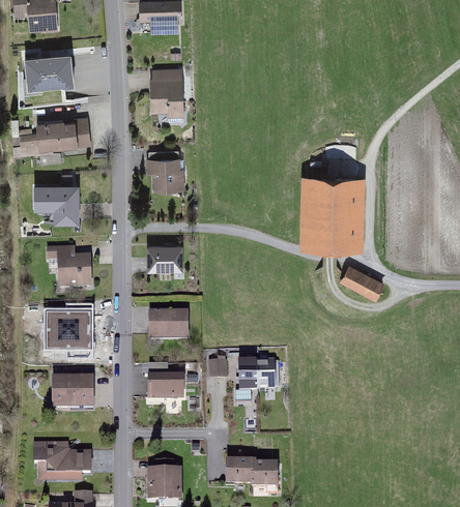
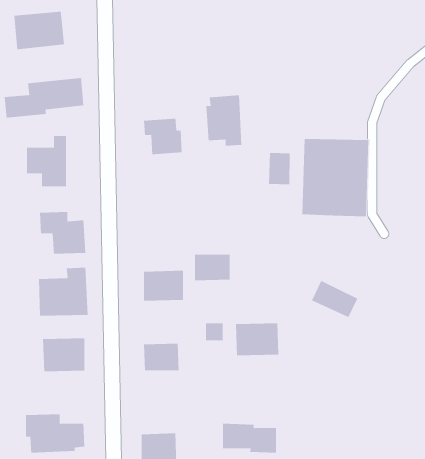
building: [149,68,184,118] -> [206,95,242,146]
building: none -> [268,152,290,185]
building: [148,247,183,273] -> [194,254,230,281]
building: [340,266,385,302] -> [311,280,358,318]

